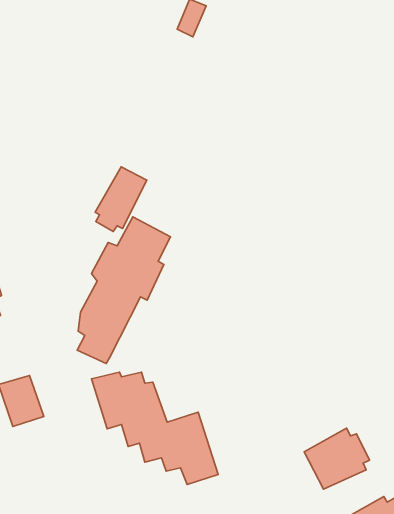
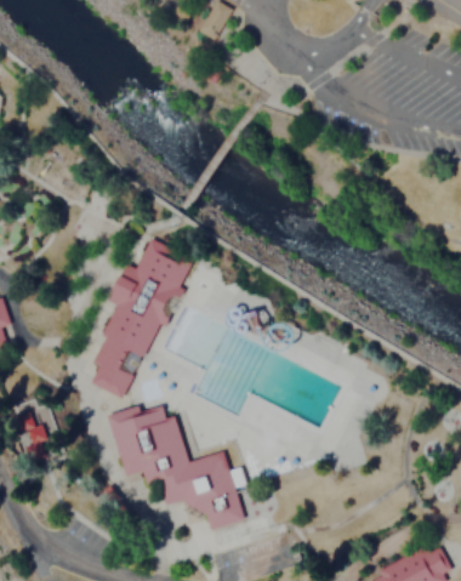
building: [95,167,147,232] -> none
building: [304,428,369,489] -> none

